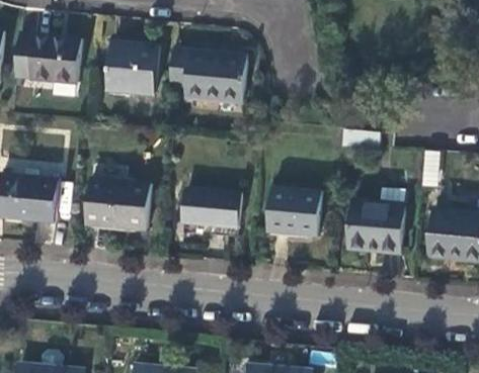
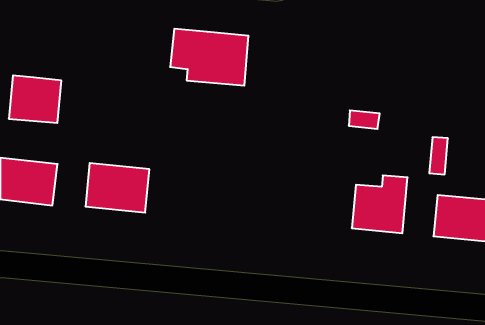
building: [29,35,81,82] -> [9,75,61,123]
building: [107,42,156,93] -> none
building: [181,188,240,227] -> none
building: [267,188,318,234] -> none

